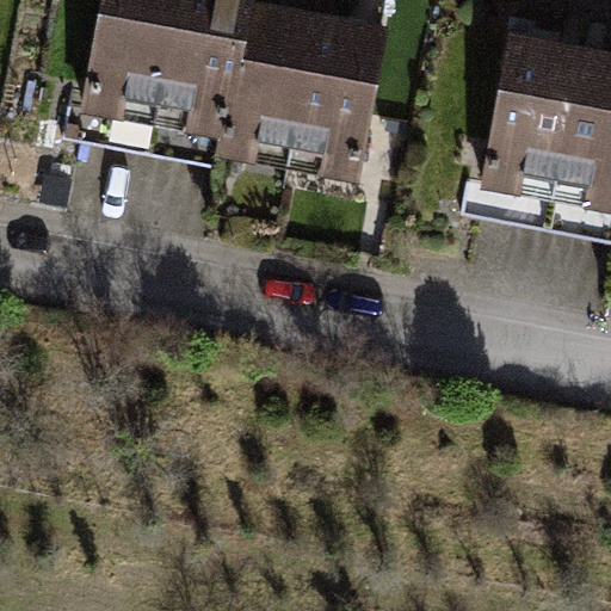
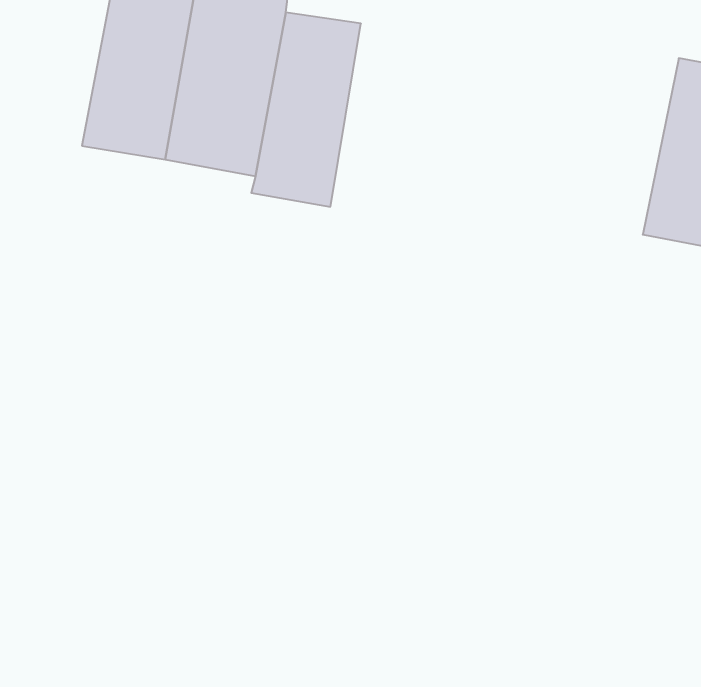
building: [291,20,379,189] -> none
building: [494,38,591,202] -> none

